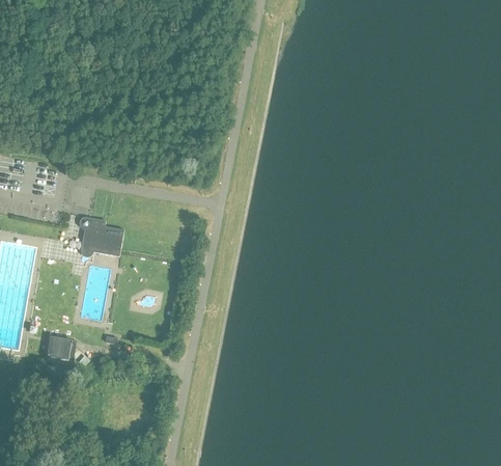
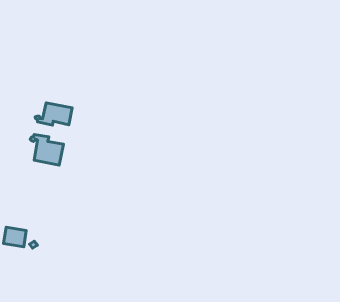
building: none -> [35,103,72,125]

